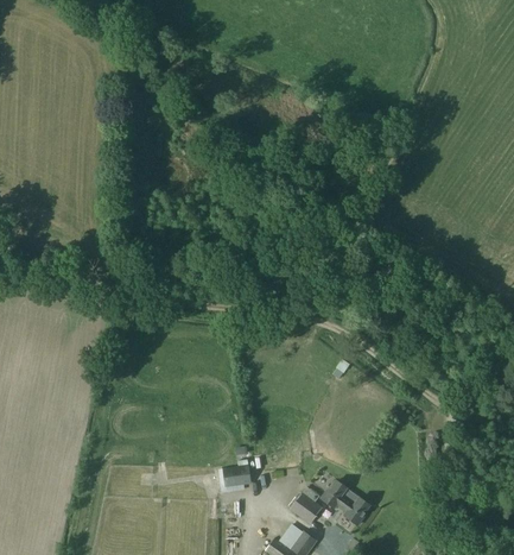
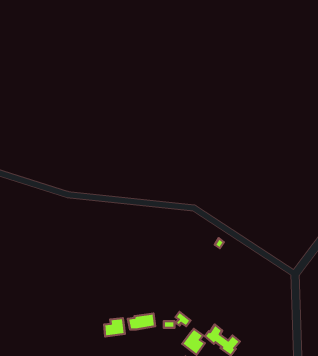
building: none -> [104,318,125,336]

